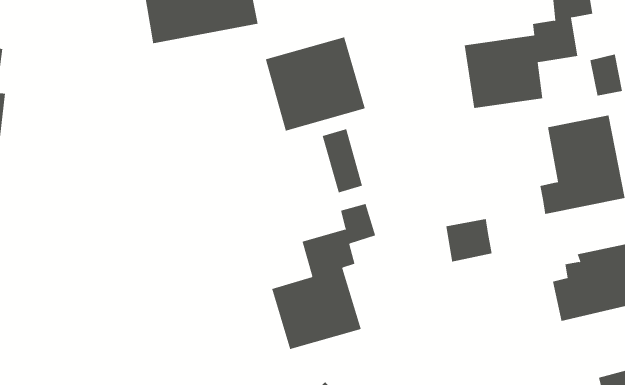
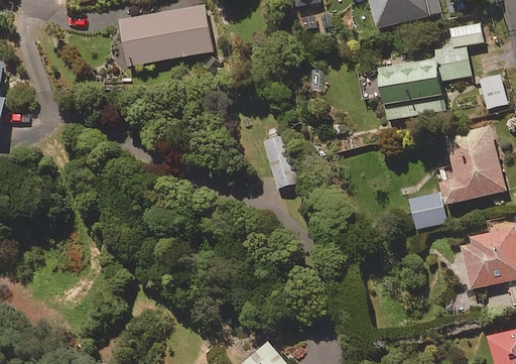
building: [265,37,366,131] -> none
building: [271,203,376,350] -> none
building: [445,219,493,262] -> [408,192,446,227]

